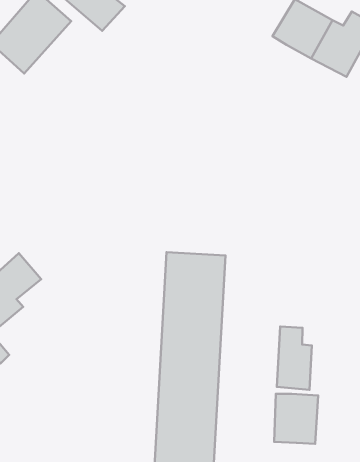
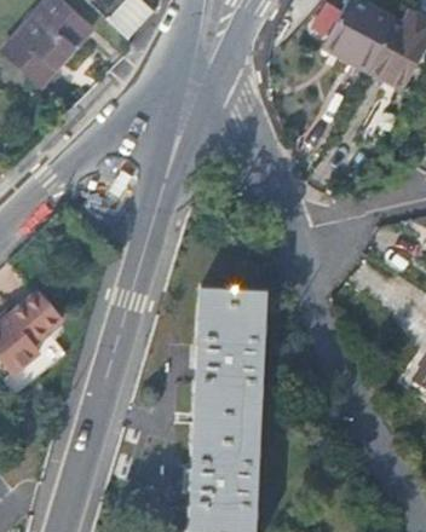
building: [277,327,312,390] -> none
building: [274,394,318,444] -> none

